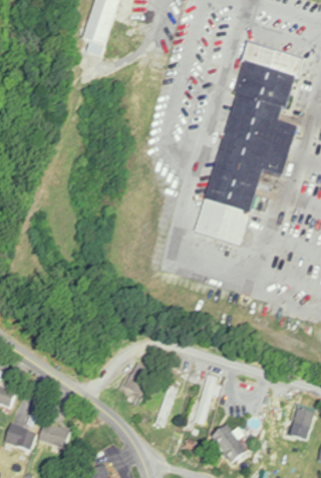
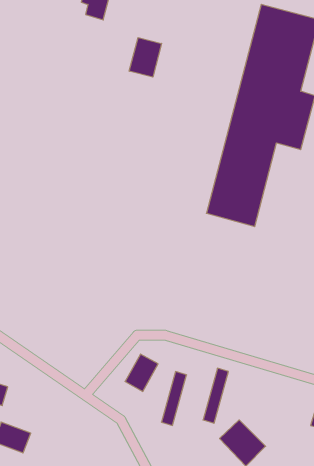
building: none -> [129,38,162,77]
building: [37,422,69,449] -> none

